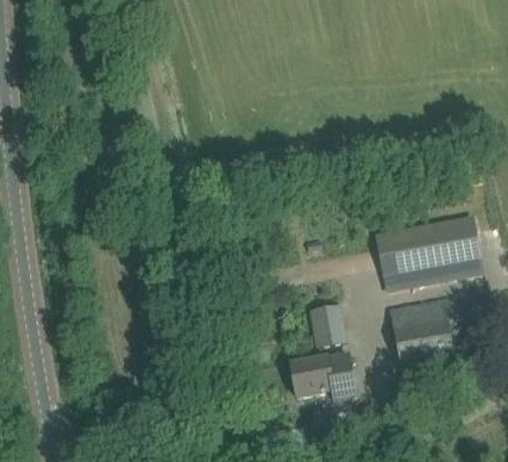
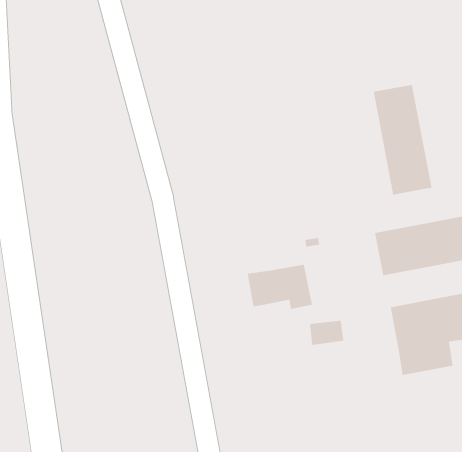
building: none -> [373,84,432,195]
building: [289,352,355,398] -> [247,264,313,310]

